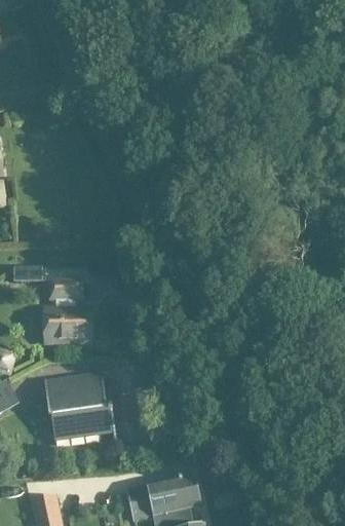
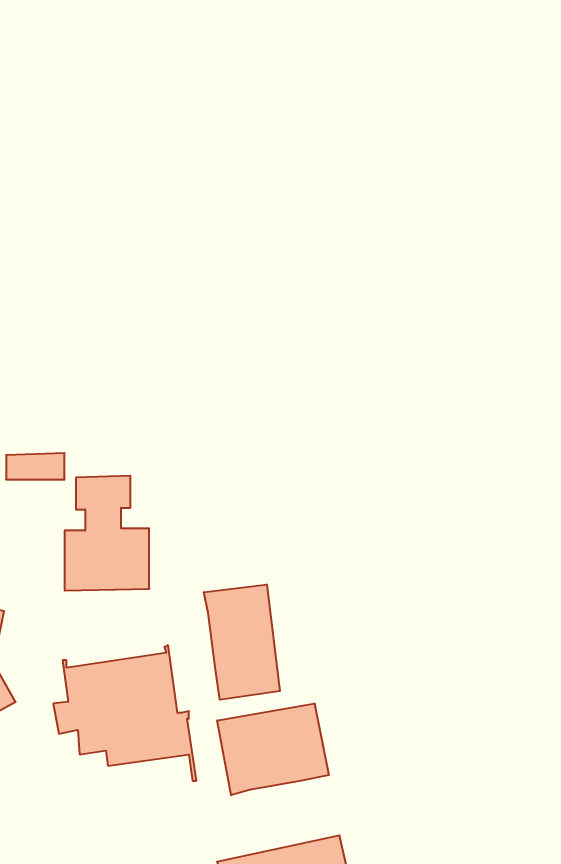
building: none -> [204,584,280,700]
building: none -> [217,703,329,795]

